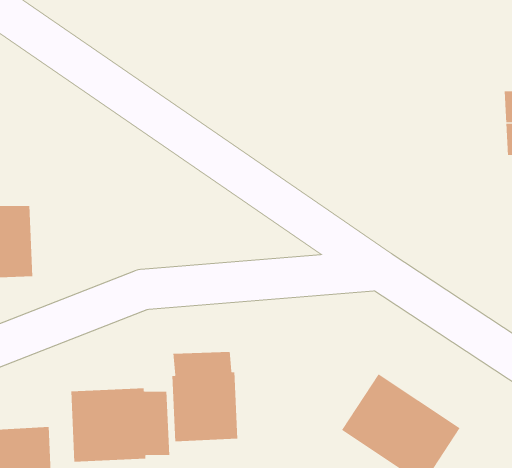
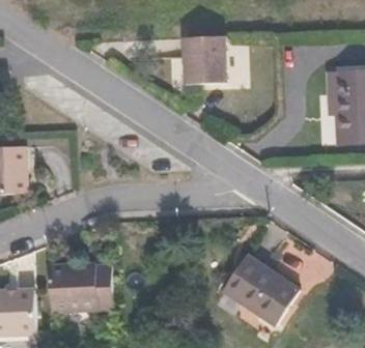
building: none -> [184,35,227,84]
building: [172,351,238,442] -> none

